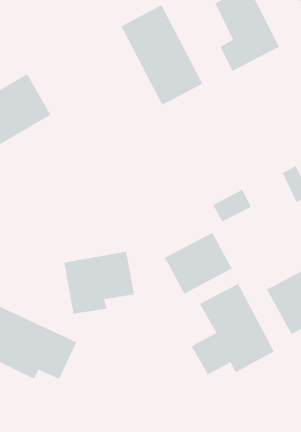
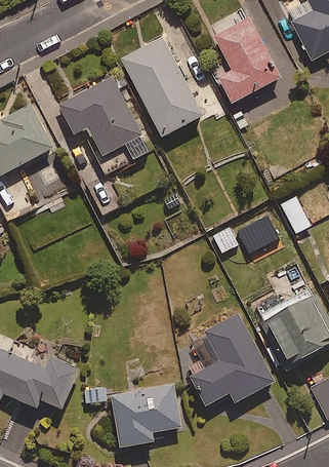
building: none -> [58,76,150,160]
building: [164,232,233,294] -> none
building: [64,251,135,314] -> [111,384,181,446]

